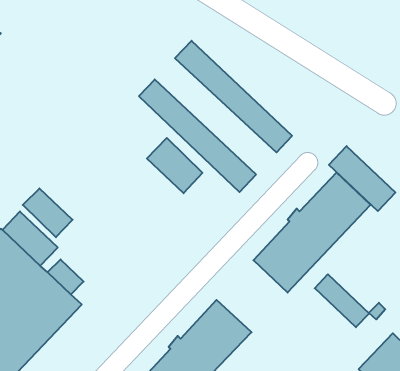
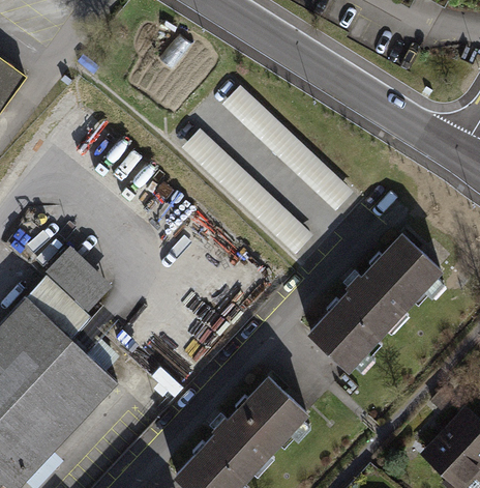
building: [147,138,202,193] -> none
building: [329,146,395,211] -> none
building: [315,274,369,327] -> none

